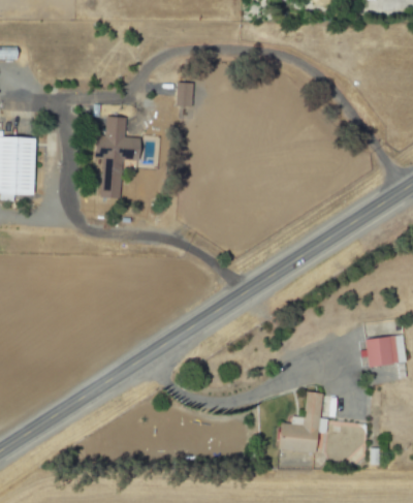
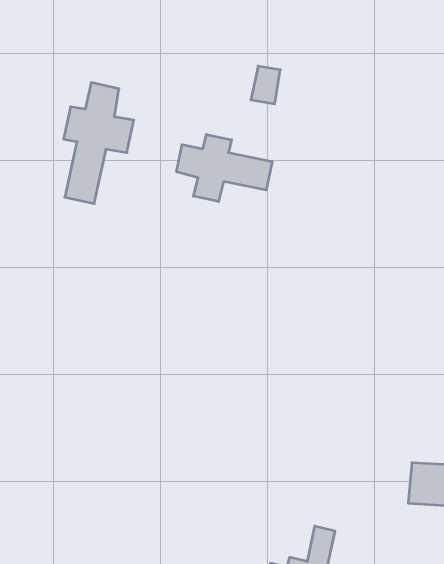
building: [177,83,193,106] -> [251,66,280,104]
building: none -> [177,134,272,202]

